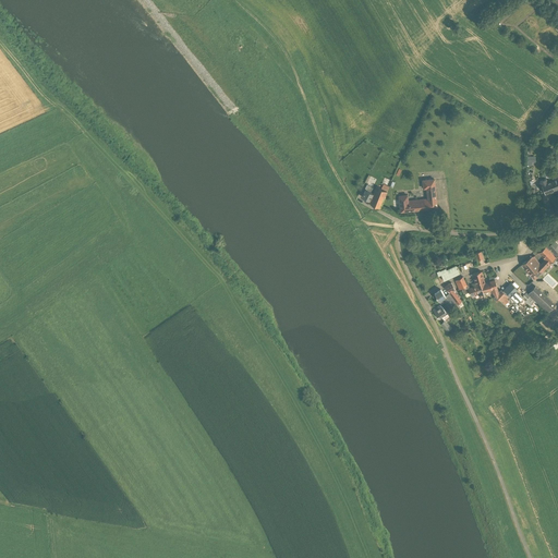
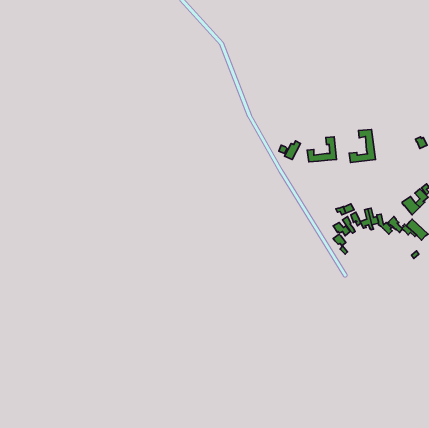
building: none -> [349,129,375,162]

